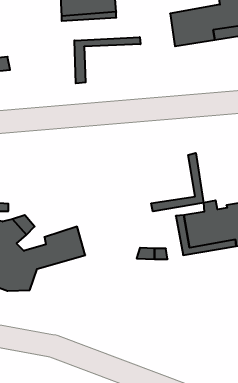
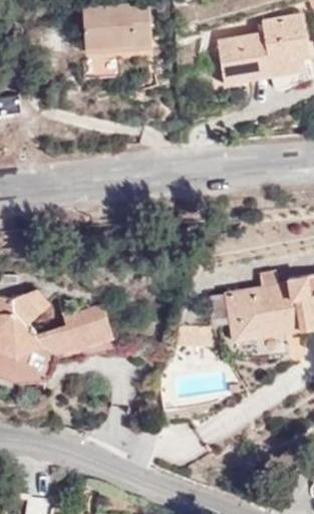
building: [74,37,140,83] -> none
building: [151,153,204,211] -> none

